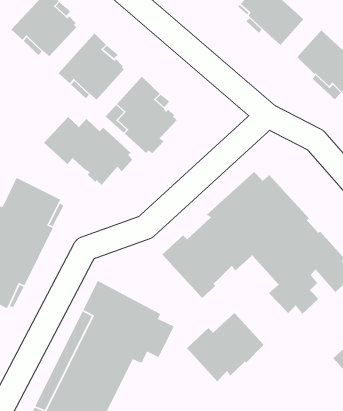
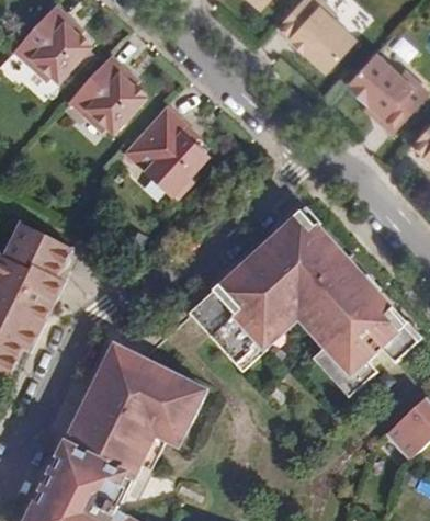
building: [43,116,133,186] -> none
building: [186,312,264,382] -> none

